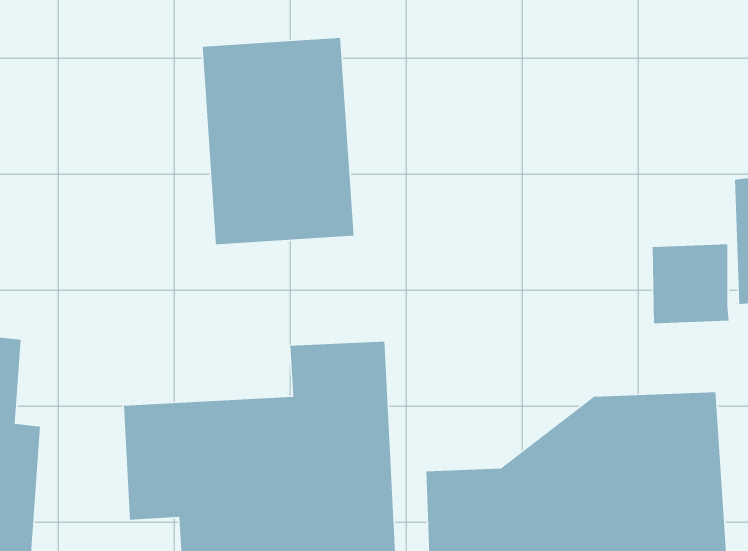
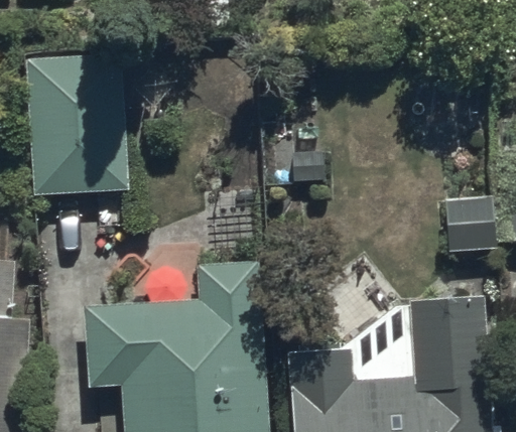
building: [202,37,354,245] -> [22,53,125,193]

